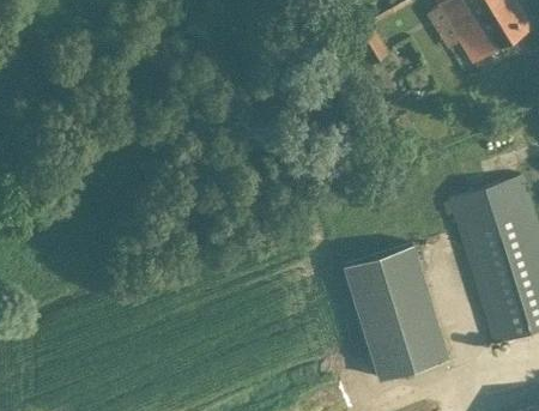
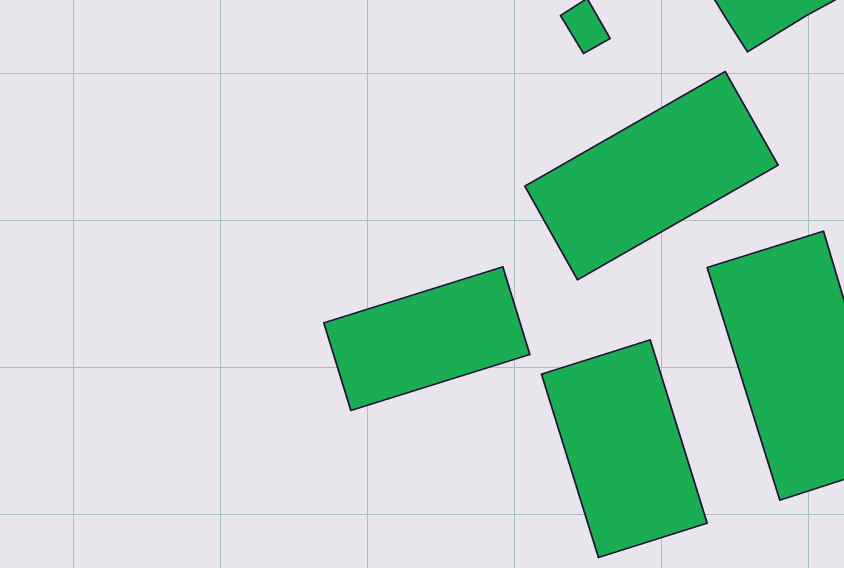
building: none -> [525,72,778,280]
building: none -> [324,267,530,411]

